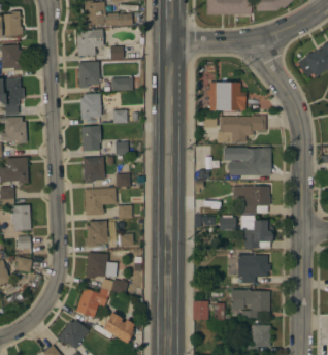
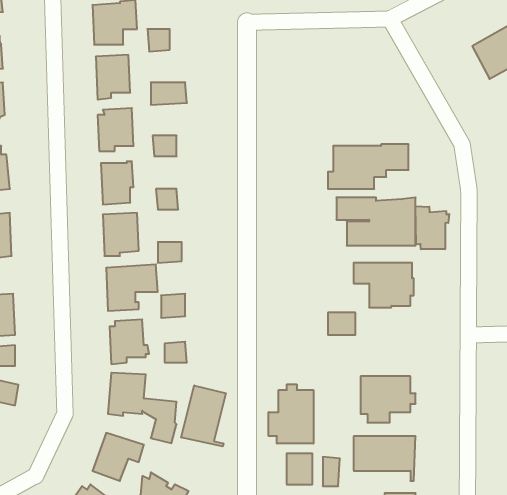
building: [206,83,244,110] -> none
building: none -> [416,206,449,249]
building: [240,216,273,248] -> none
building: none -> [269,384,313,444]
building: none -> [181,385,226,446]

